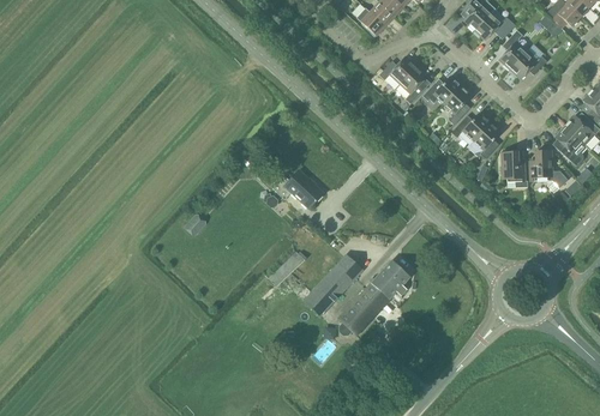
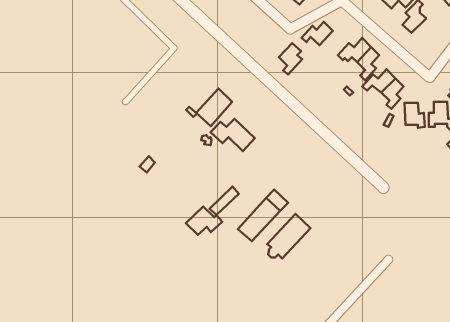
building: [510,48,547,78] -> none
building: [401,66,428,103] -> [279,43,302,74]
building: none -> [196,89,232,126]
building: [372,260,410,300] -> none
building: none -> [186,207,222,235]

